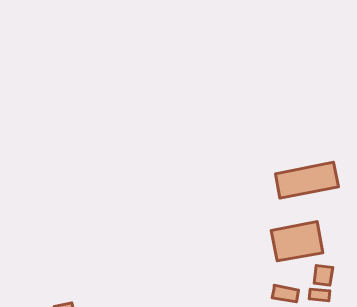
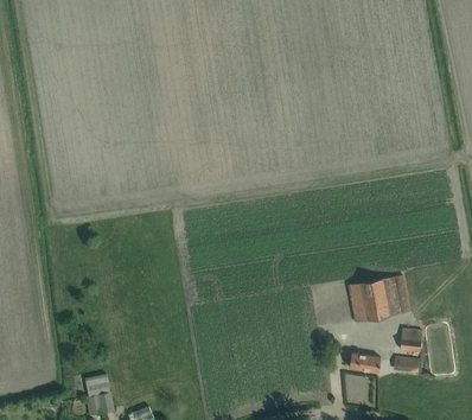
building: [275,162,339,198] -> none

